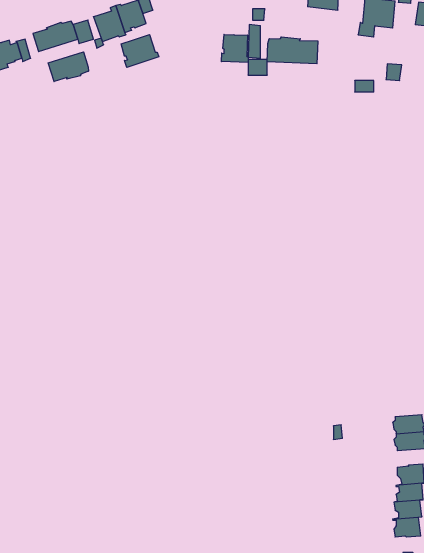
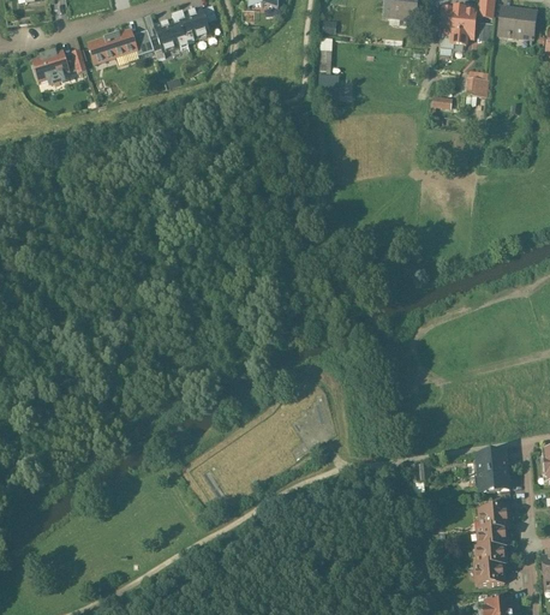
building: [221,34,248,62] -> none
building: [121,35,159,67] -> none
building: [267,37,318,64] -> none
building: [48,52,88,82] -> none

